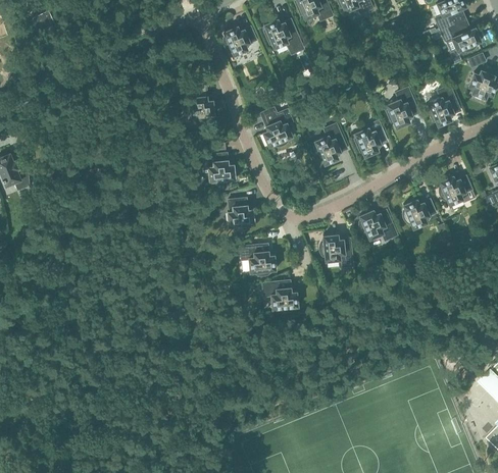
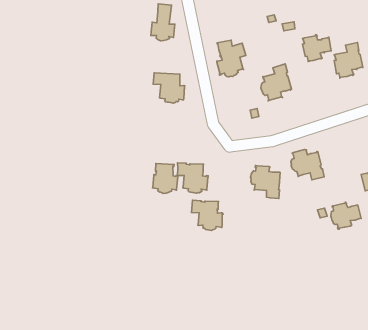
building: [354,126,387,156] -> [302,35,331,62]
building: [228,197,254,229] -> [153,163,178,194]
building: [403,198,436,227] -> [331,202,361,229]

